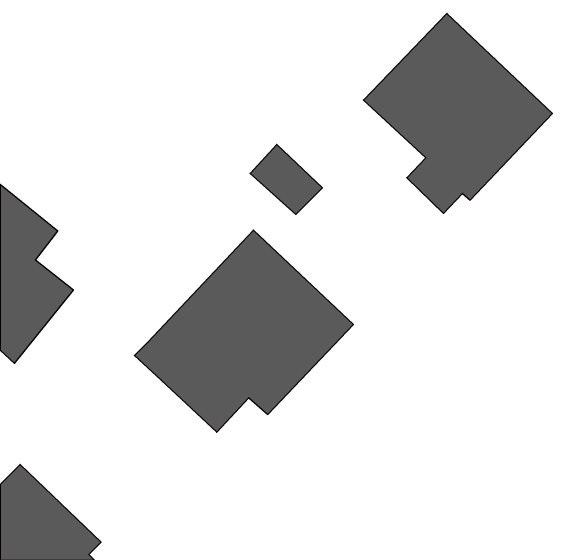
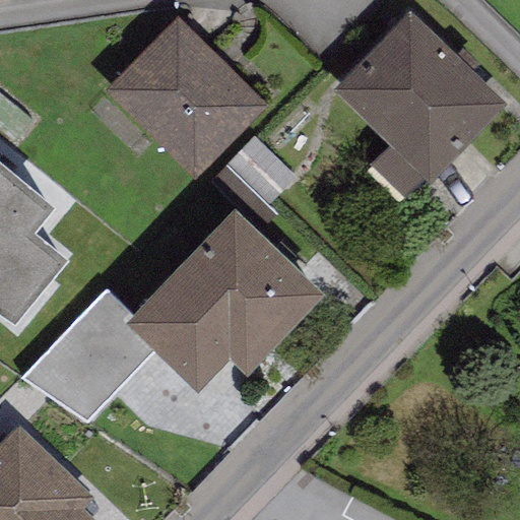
building: none -> [90,17,265,177]
building: none -> [21,286,147,418]

